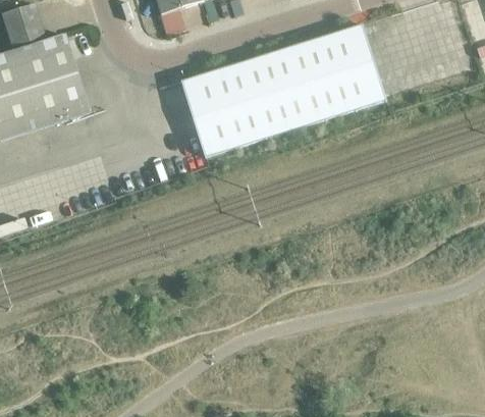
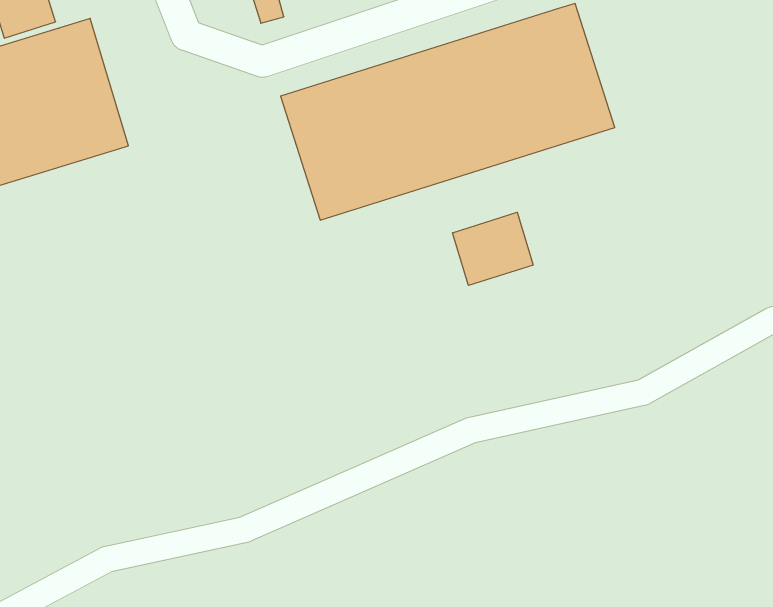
building: none -> [453,212,533,285]

